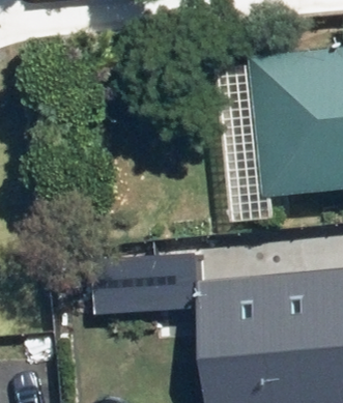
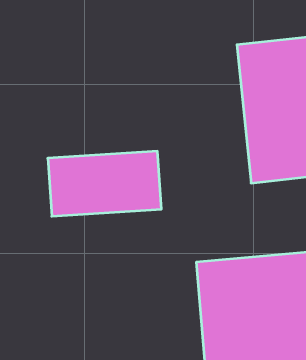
building: [79,249,195,315] -> [48,151,161,216]

